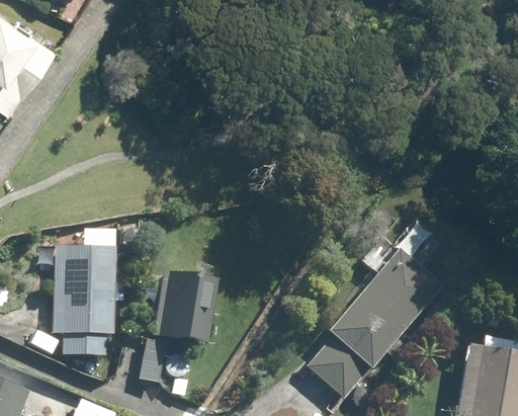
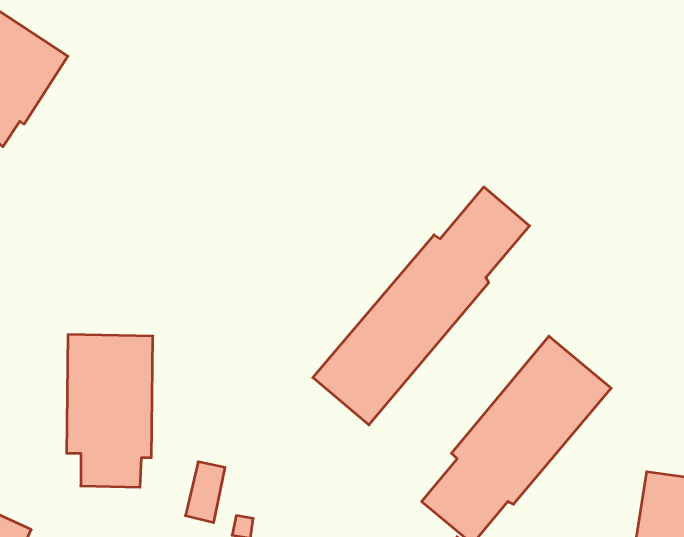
building: none -> [313,187,530,425]
building: [152,271,218,345] -> none

